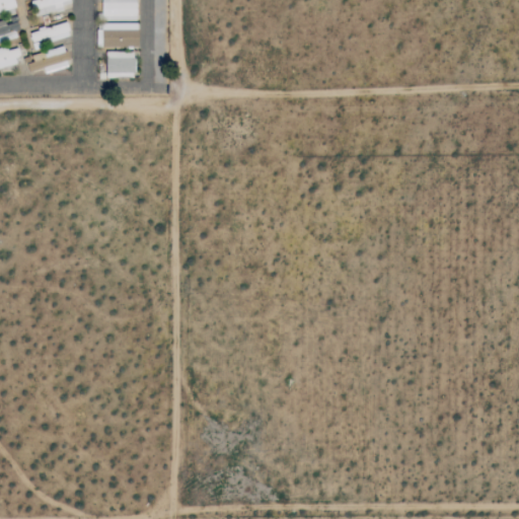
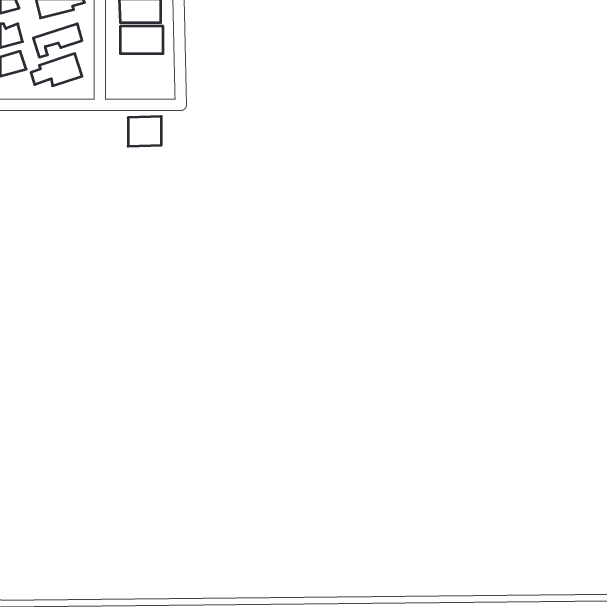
building: [107,51,136,76] -> [128,116,161,146]

